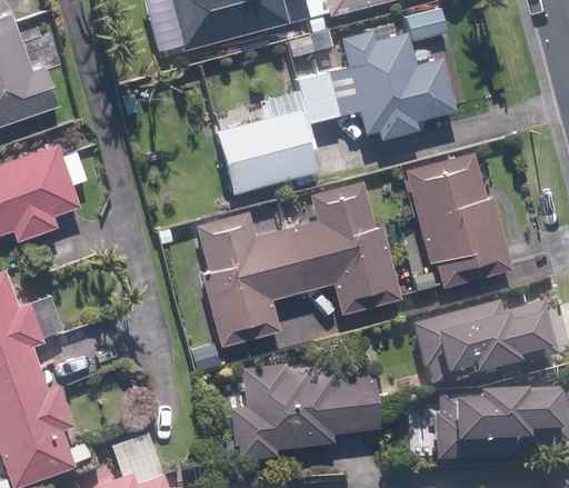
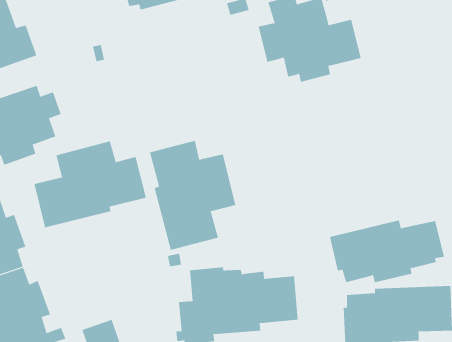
building: [214,61,339,192] -> none
building: [403,152,511,286] -> none
building: [286,179,401,312] -> none
building: none -> [34,140,147,228]

